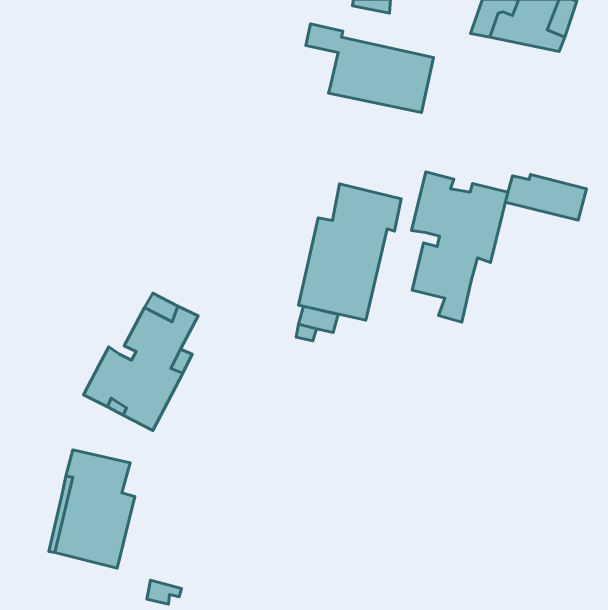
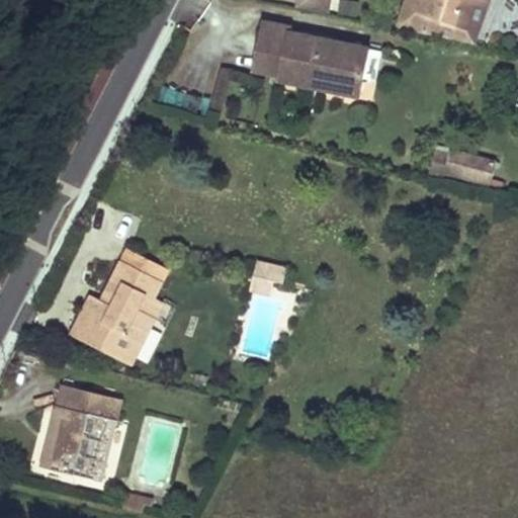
building: none -> [252,38,286,75]
building: [412,172,508,322] -> none
building: [299,184,401,320] -> none

